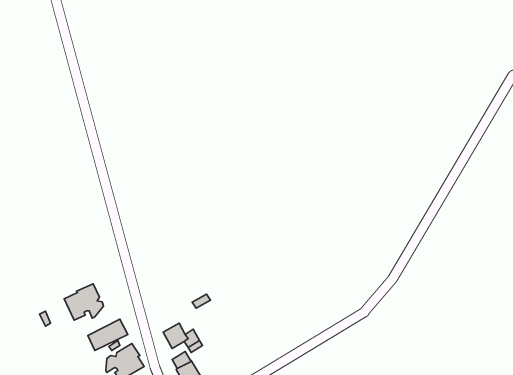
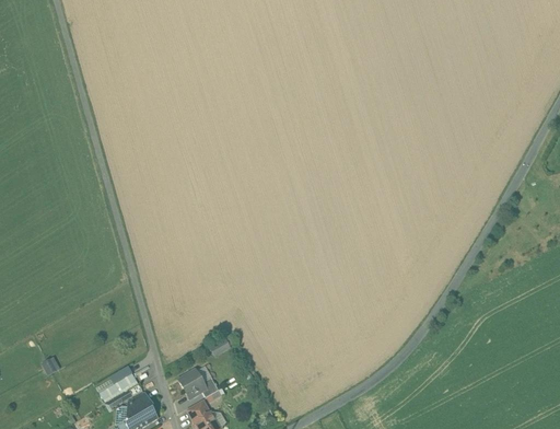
building: [64,284,103,320] -> none

